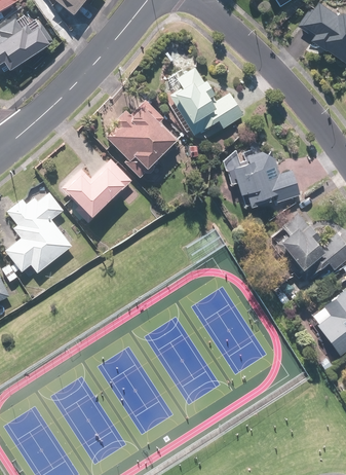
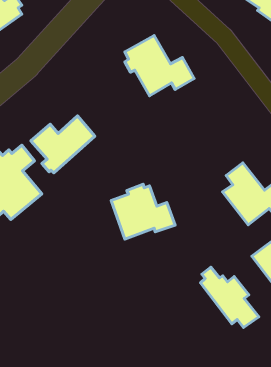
building: [104,99,177,178] -> none
building: [229,149,301,211] -> [111,184,175,239]
building: none -> [201,267,259,328]

